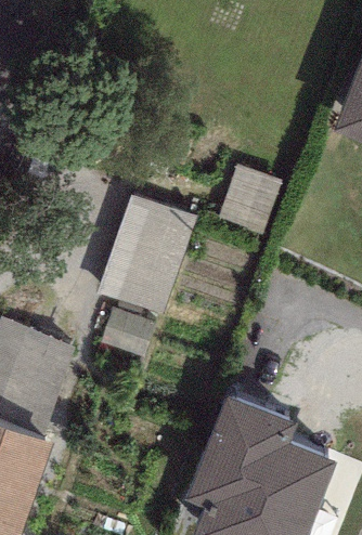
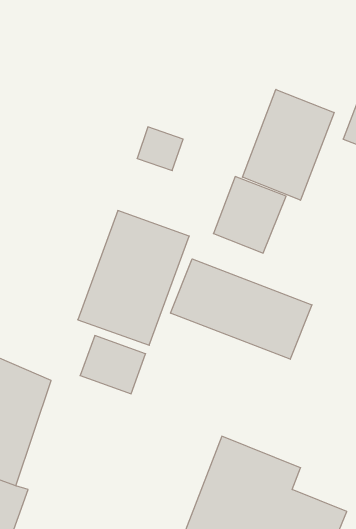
building: none -> [242,89,334,200]
building: none -> [171,259,312,359]

